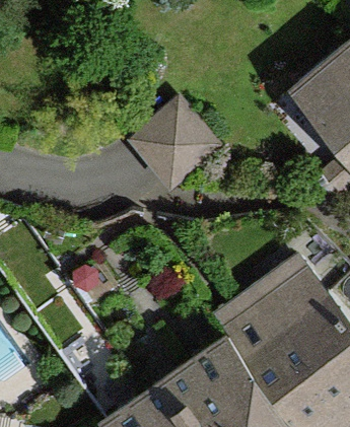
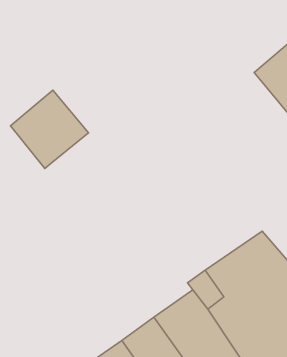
building: [129,94,218,184] -> [10,90,88,168]

